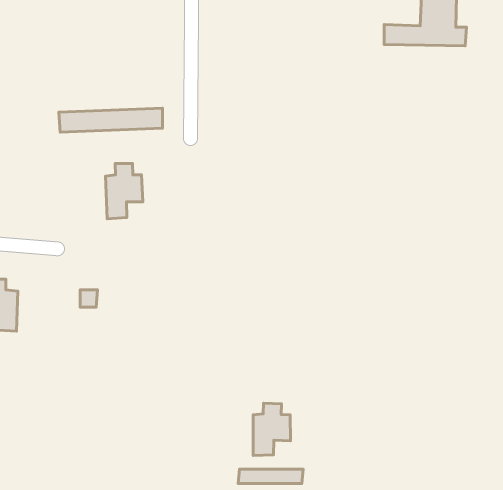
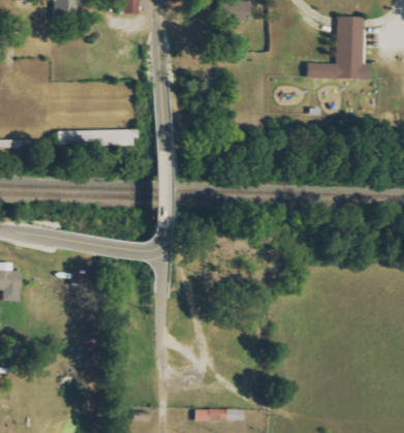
building: [106,163,143,219] -> none
building: [253,403,291,455] -> none

